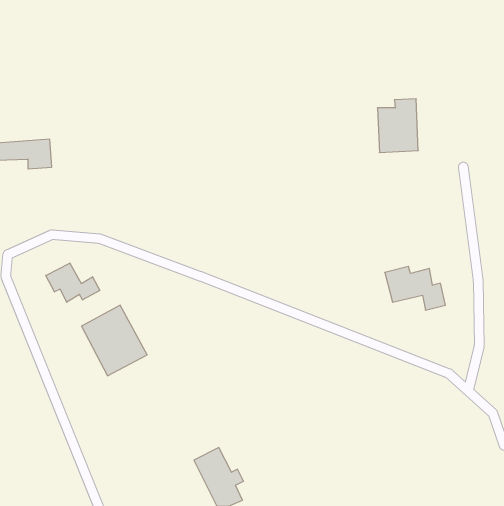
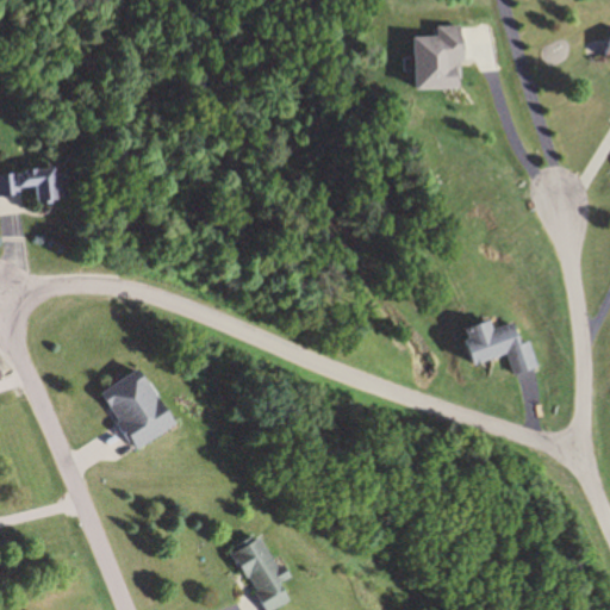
building: [377,99,418,153] -> [413,24,462,88]
building: [46,263,100,302] -> none

